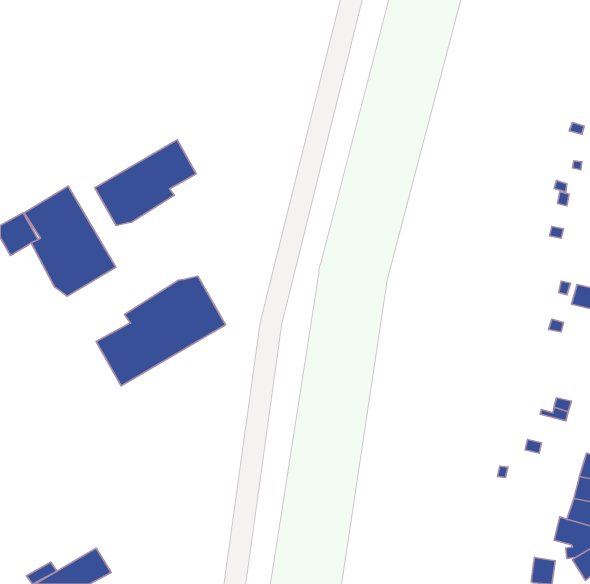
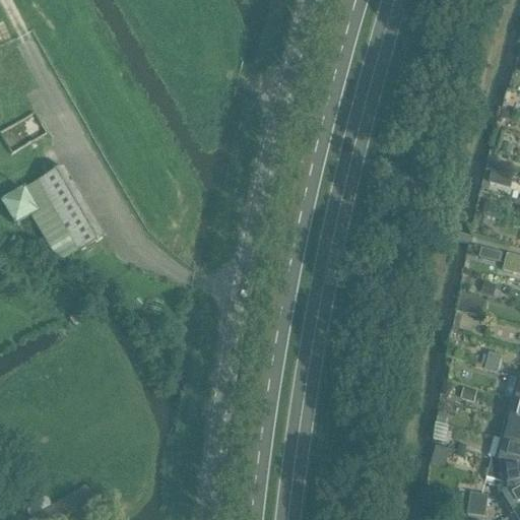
building: [95,140,196,225] -> none
building: [96,276,226,386] -> none

